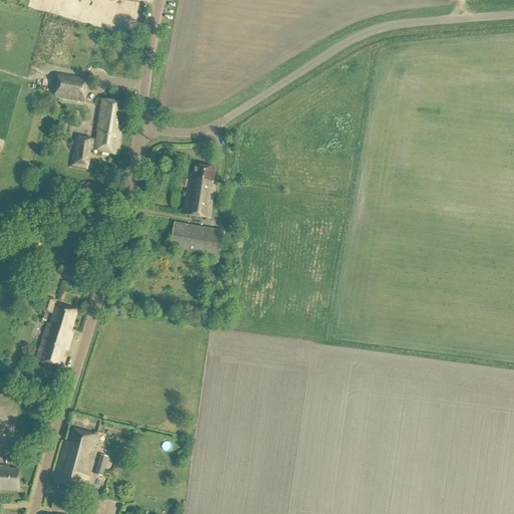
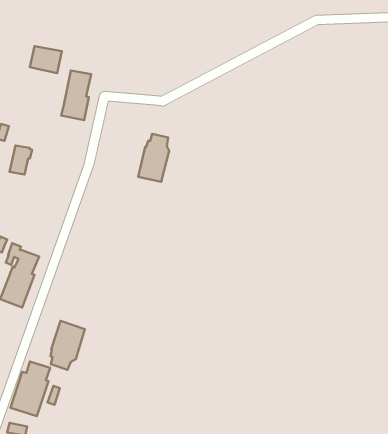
building: [70,136,94,168] -> [10,145,32,174]
building: [170,222,224,259] -> none
building: none -> [51,321,85,370]

